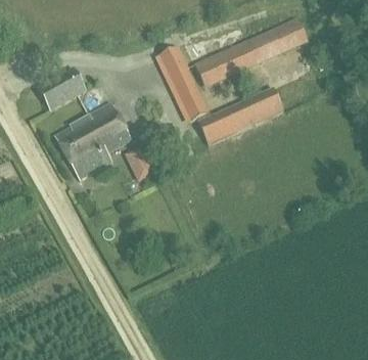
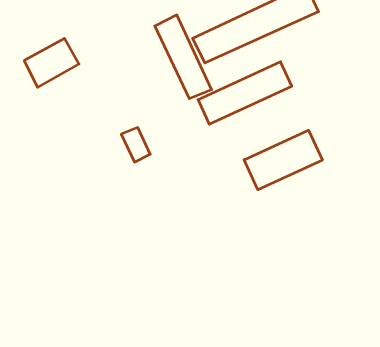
building: [55,102,131,178] -> none
building: none -> [244,130,322,190]

